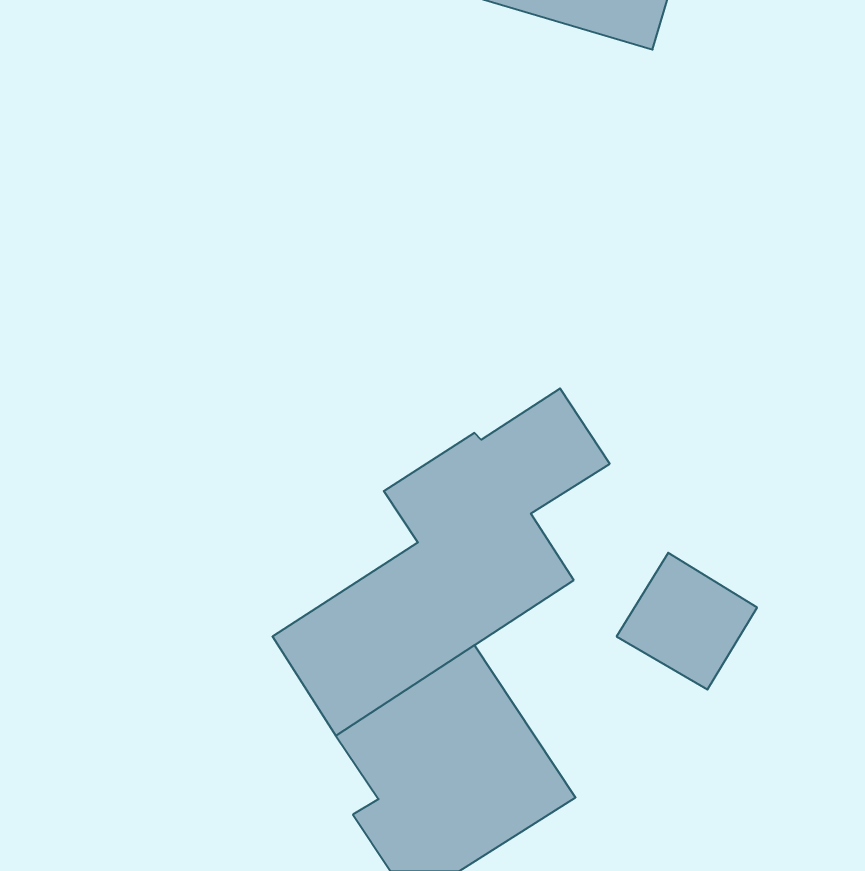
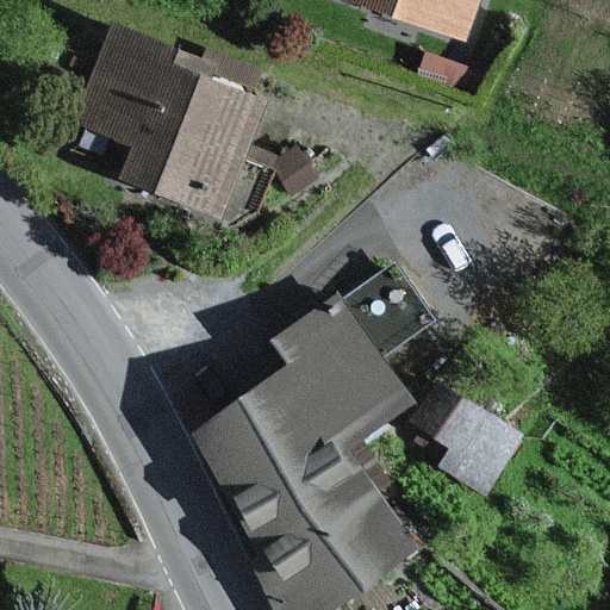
building: none -> [85,38,254,211]

